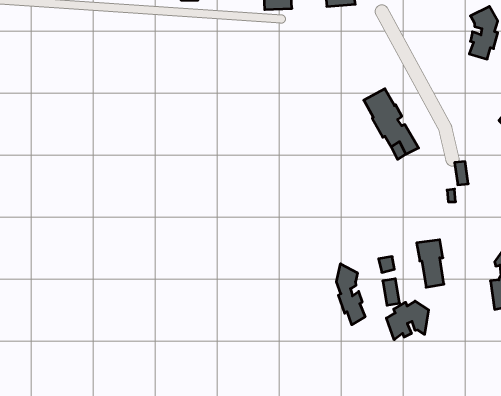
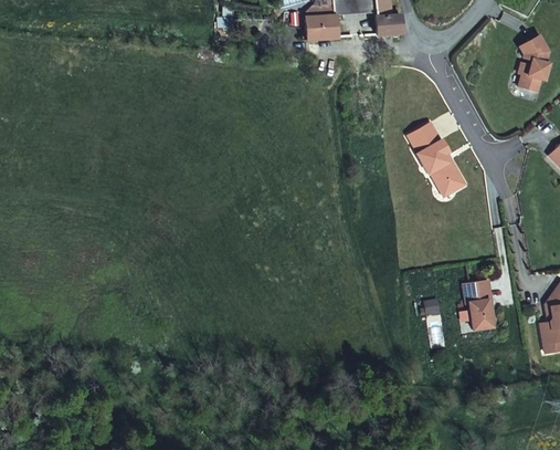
building: [336,264,365,325] -> none
building: [386,301,429,340] -> none

